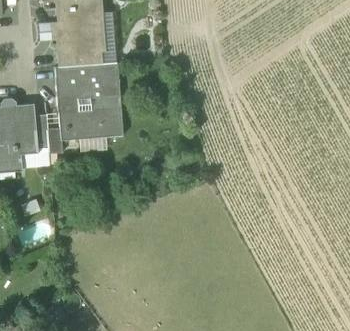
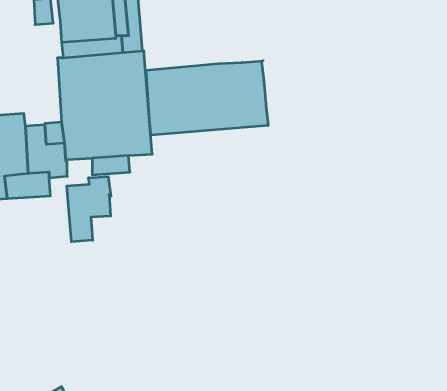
building: none -> [146,61,268,135]
building: none -> [67,177,111,242]

